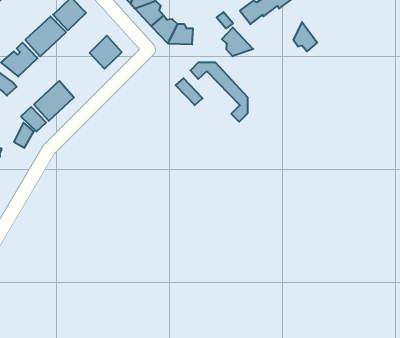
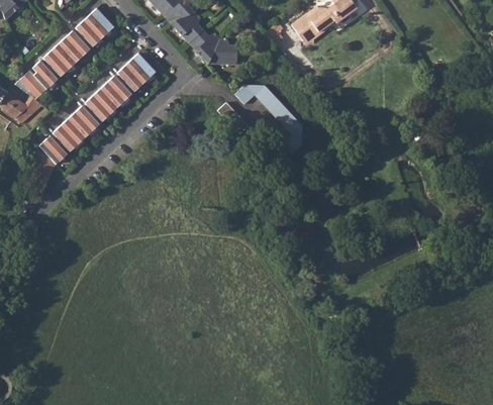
building: [293,22,317,51] -> none
building: [222,27,253,56] -> none
building: none -> [85,76,131,121]

